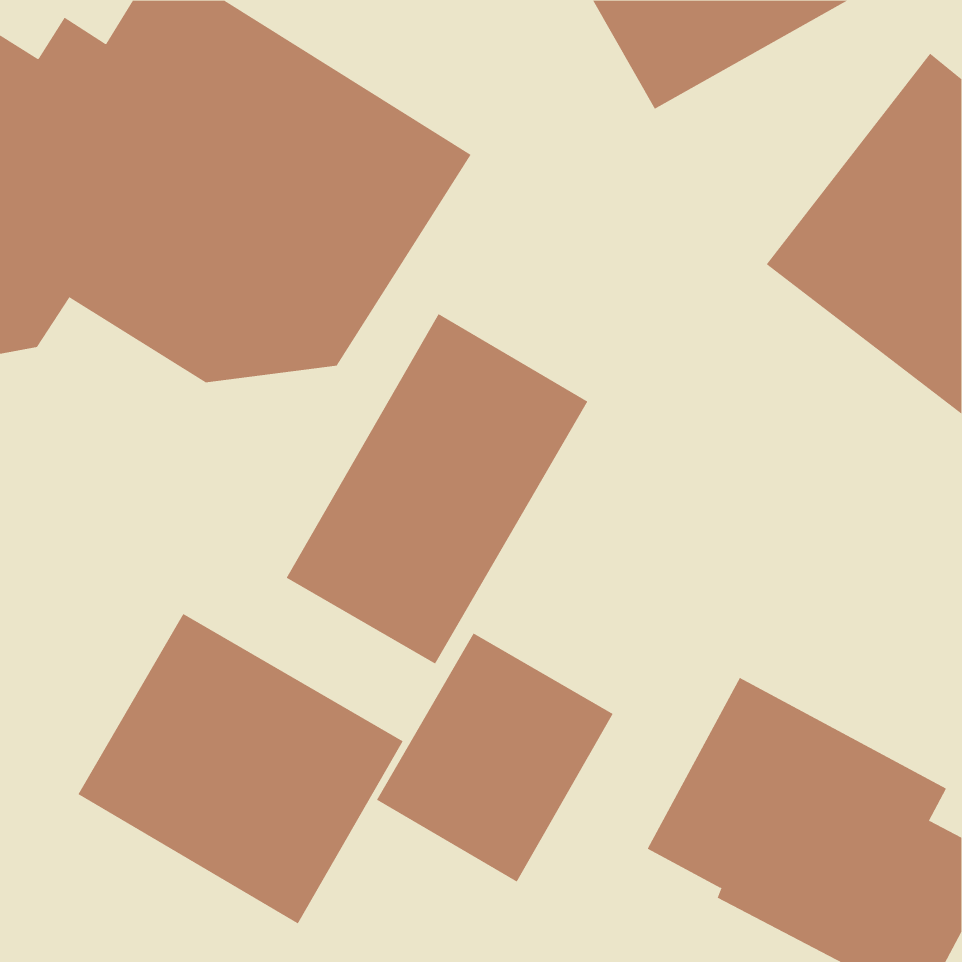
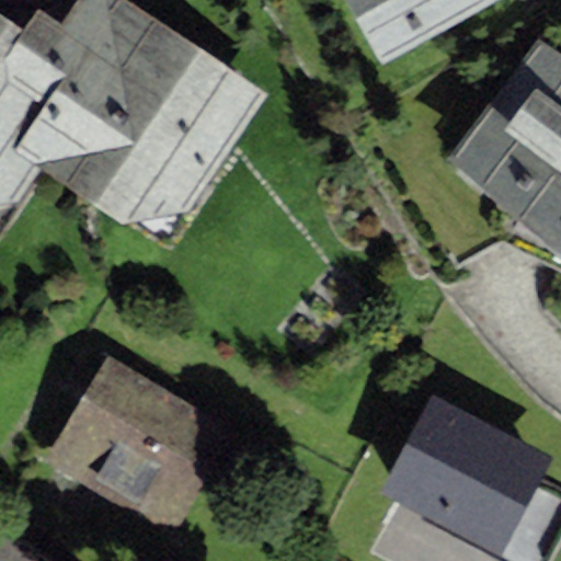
building: [286,313,588,664] -> none
building: [376,632,614,883] -> none

